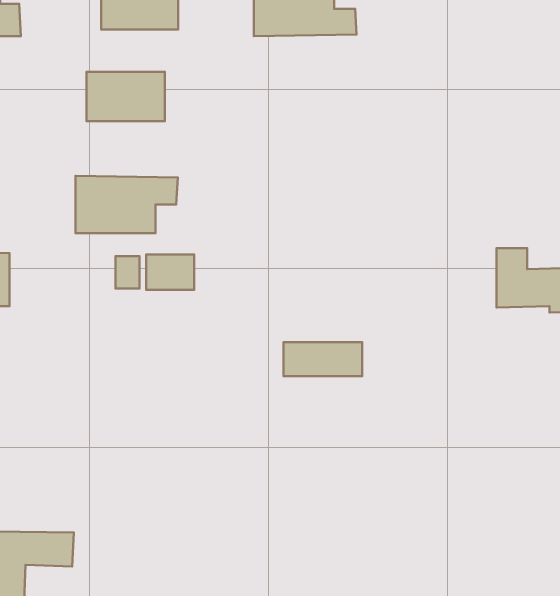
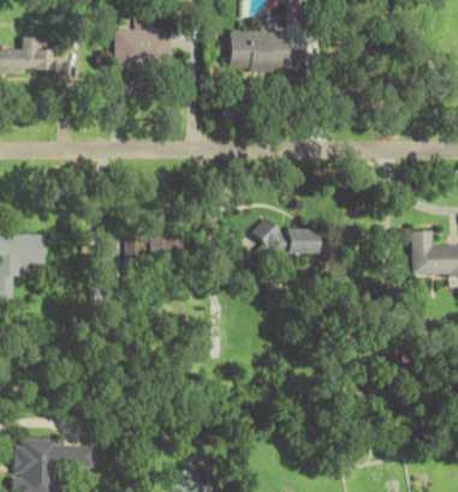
building: [87,72,165,121] -> none
building: [75,176,178,233] -> none
building: [284,342,362,376] -> [258,227,317,252]

